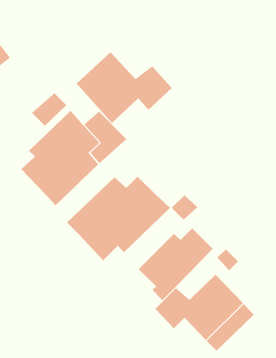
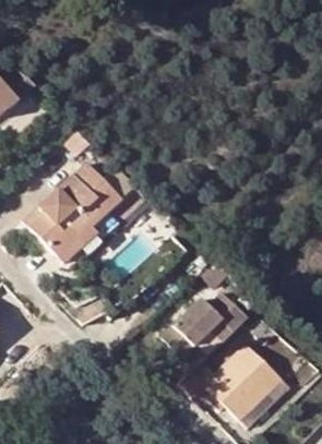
building: [76,51,172,124] -> none
building: [66,176,171,261] -> none

